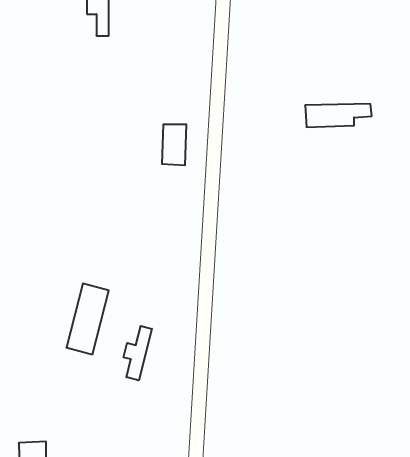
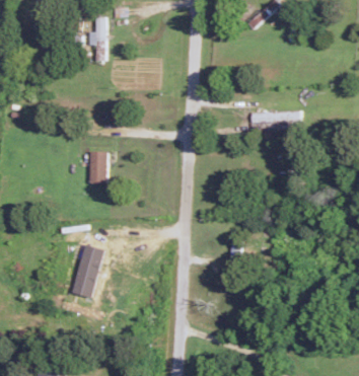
building: [162,124,186,165] -> [88,152,106,182]
building: [124,326,152,380] -> none

